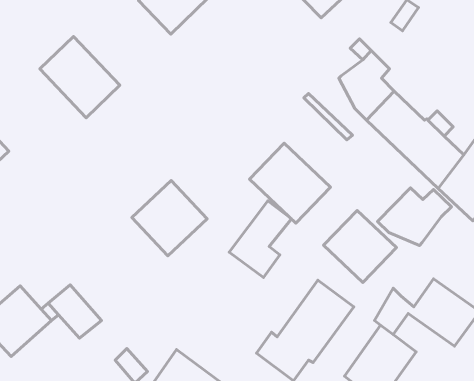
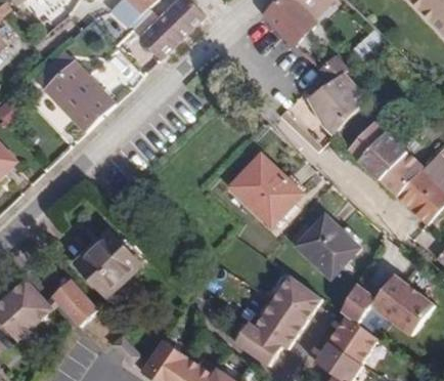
building: [132,180,207,256] -> [75,230,141,297]
building: [378,188,452,245] -> none
building: [229,201,291,277] -> none

